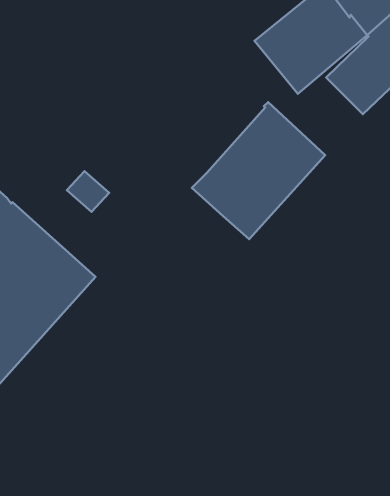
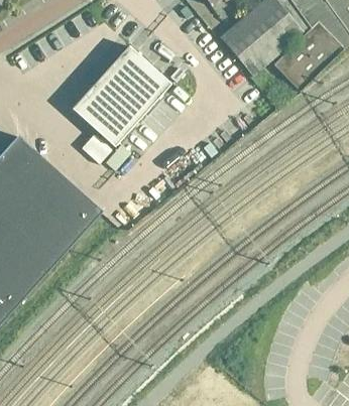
building: [192,102,325,239] -> [72,44,170,146]

